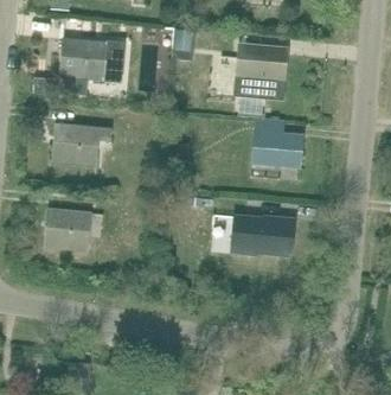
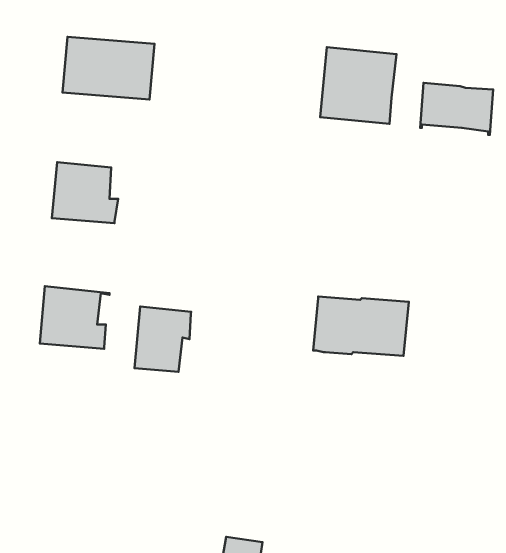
building: [252,132,302,167] -> [420,83,493,135]
building: none -> [134,307,191,372]

